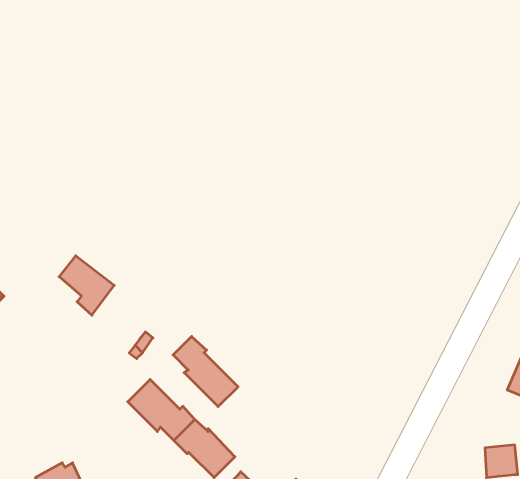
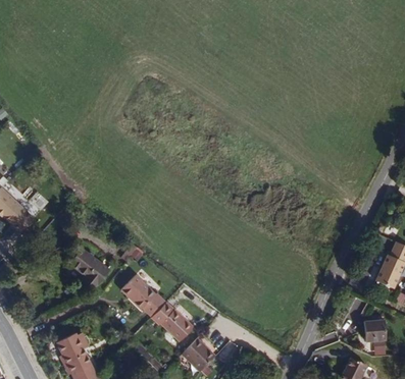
building: [59,256,114,315] -> [70,248,108,288]
building: [173,336,238,407] -> none

